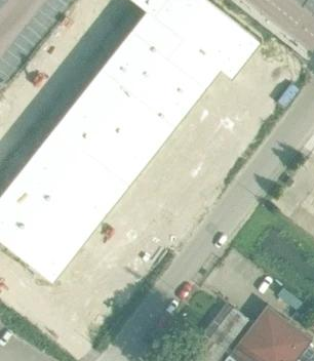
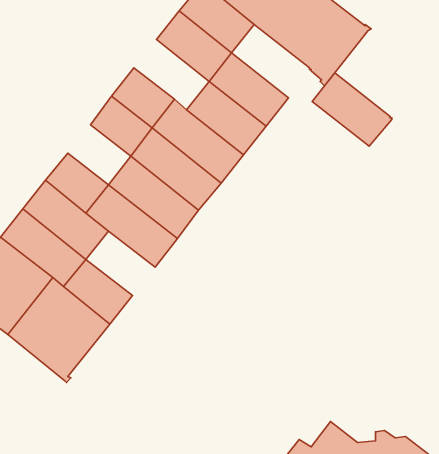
building: [167,38,222,88] -> [312,73,392,146]
building: [101,48,152,96] -> none
building: [55,107,99,148] -> none
building: [68,179,115,224] -> none

